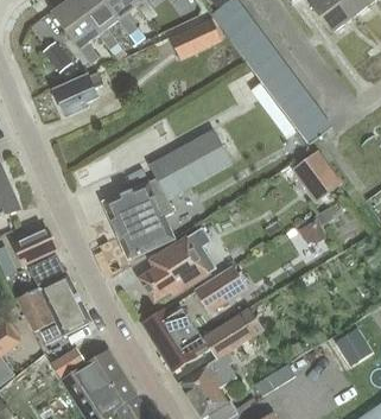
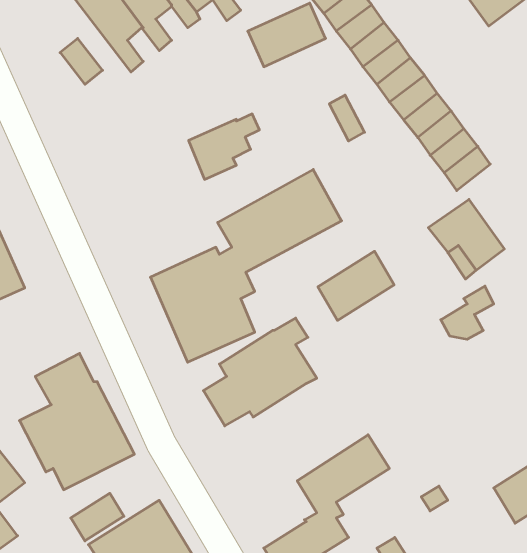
building: [55,71,102,115] -> [189,114,259,179]
building: [12,226,56,264] -> none
building: [195,265,246,311] -> [318,251,394,320]
building: [141,300,205,369] -> none

